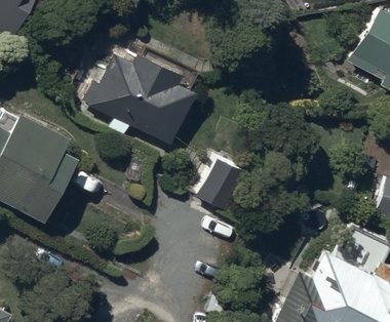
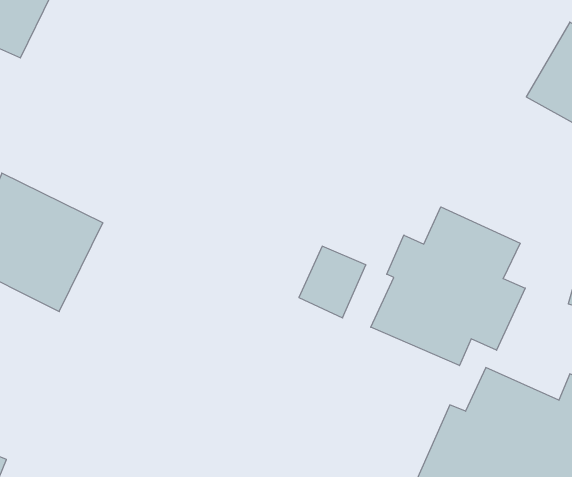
building: [80,62,193,152] -> none
building: none -> [371,207,525,366]

